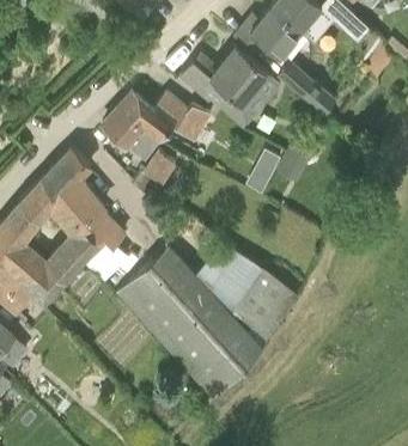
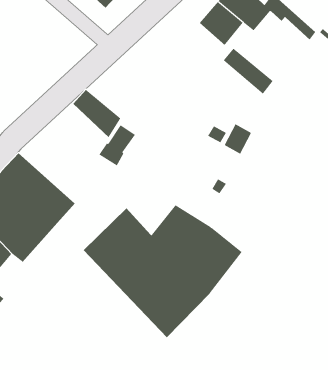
building: [181,45,281,127] -> none
building: [118,92,212,142] -> none
building: [41,147,128,280] -> none

